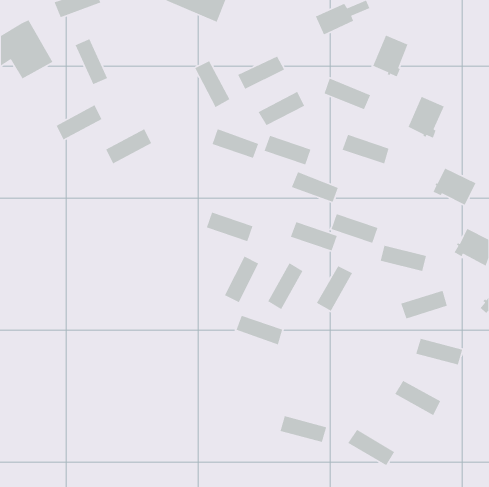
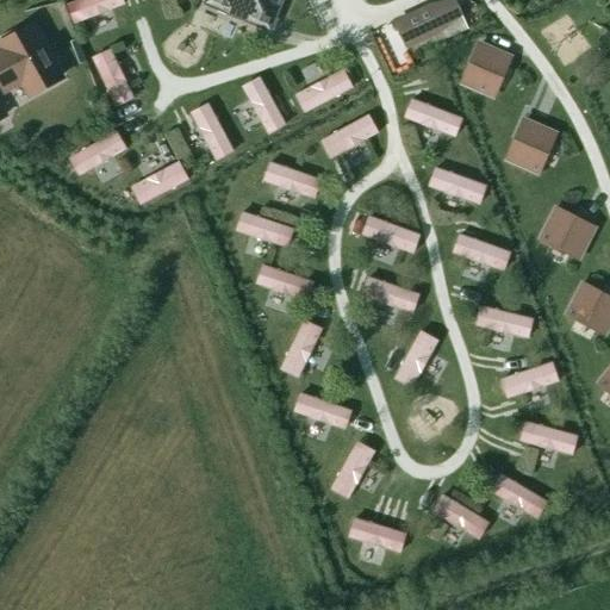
building: none -> [189,101,234,161]
building: [264,135,311,165] -> [236,210,295,248]
building: [331,213,378,244] -> [450,234,510,272]
building: [267,262,303,310] -> [330,440,375,499]
building: [347,429,395,466] -> [431,493,491,540]

